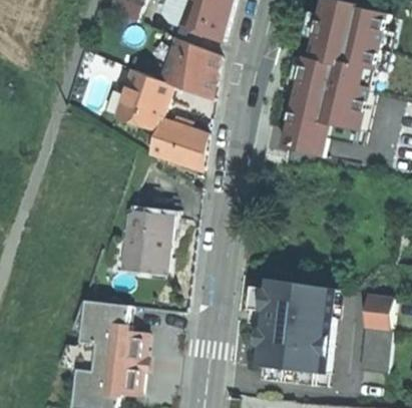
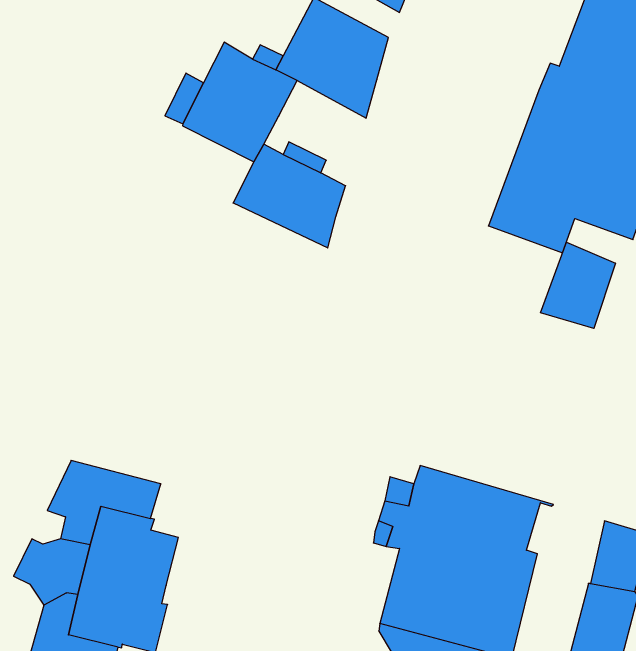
building: none -> [540,242,615,328]
building: [125,211,170,273] -> none

